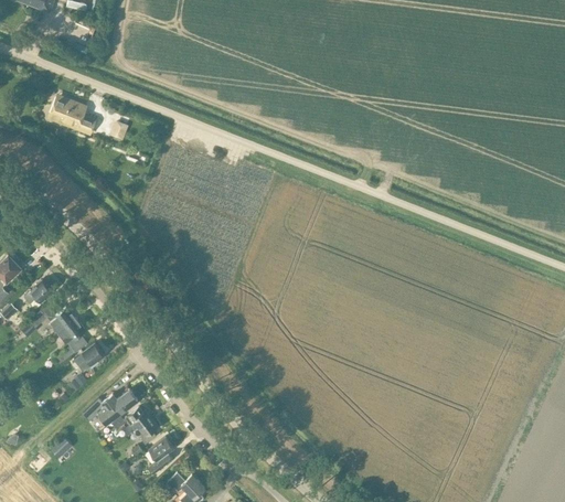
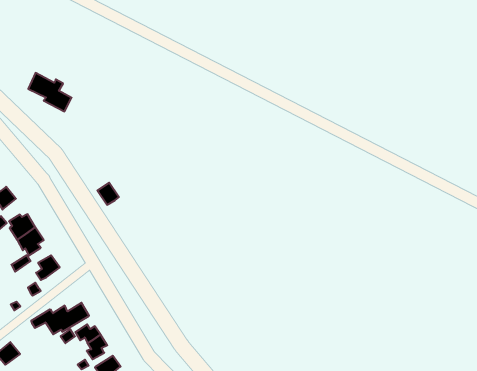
building: [50,99,94,135] -> [28,73,72,111]

